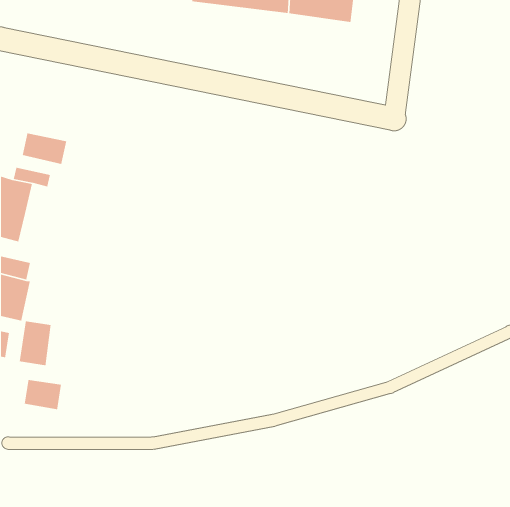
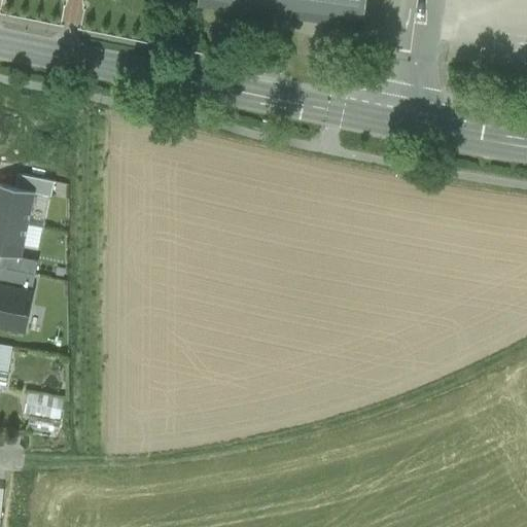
building: [22,132,67,165] -> none
building: [19,321,52,366] -> none

